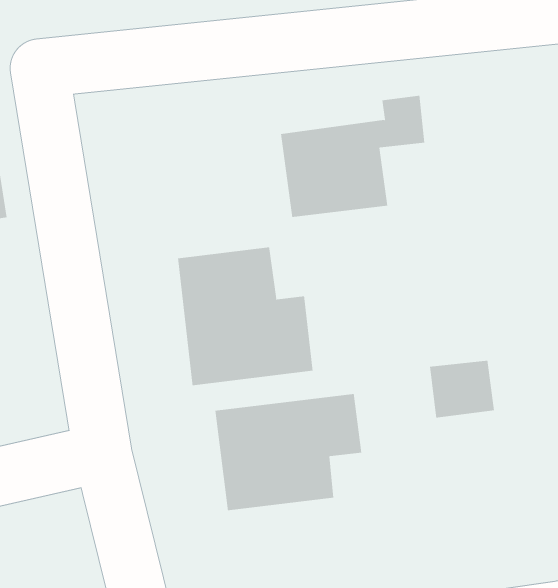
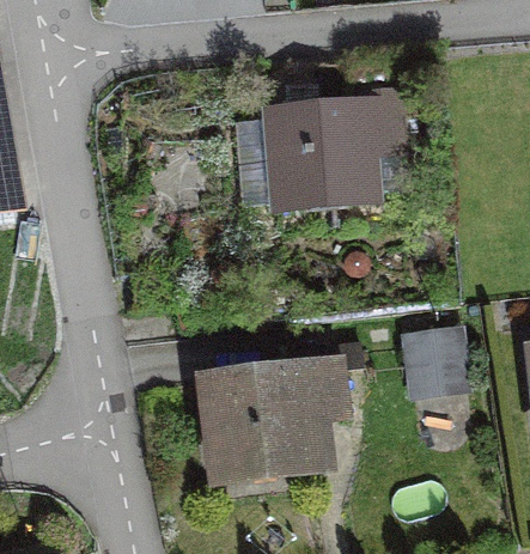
building: [177,247,313,386] -> none

